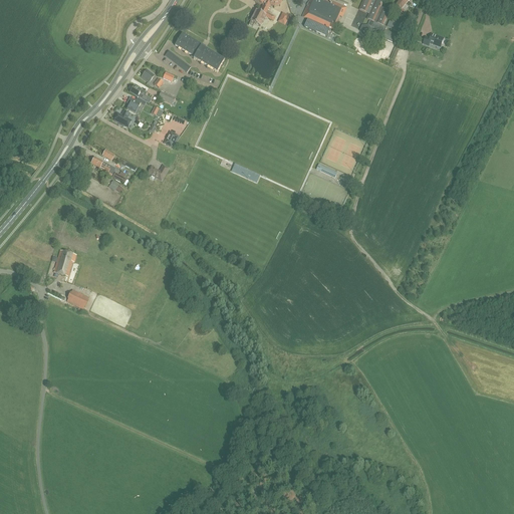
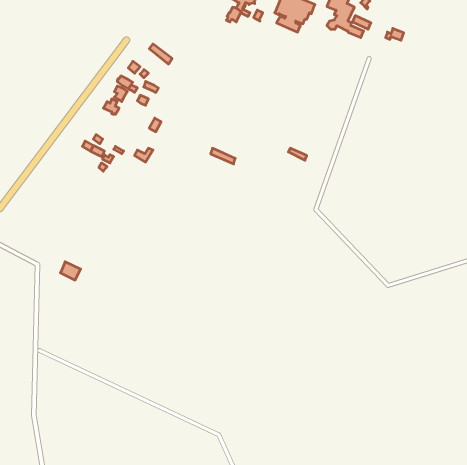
building: [174,30,224,70] -> none
building: [53,248,75,274] -> none

